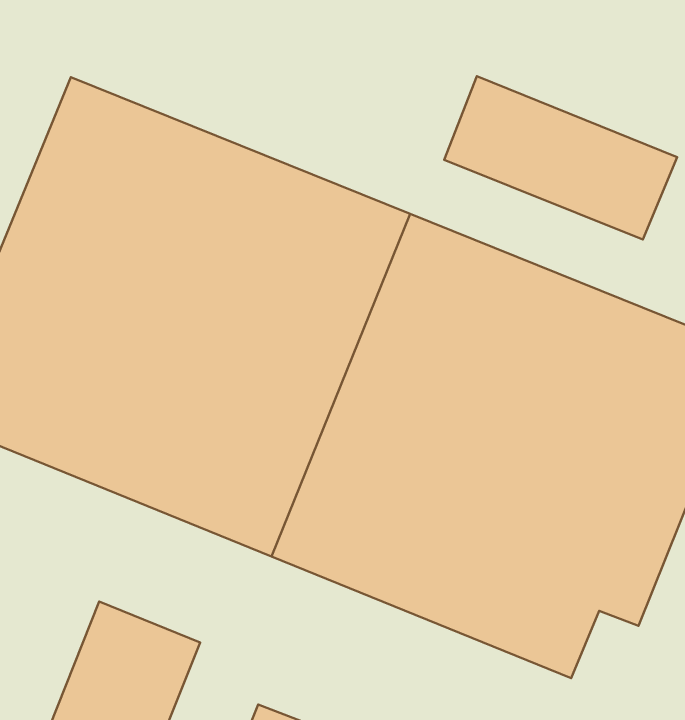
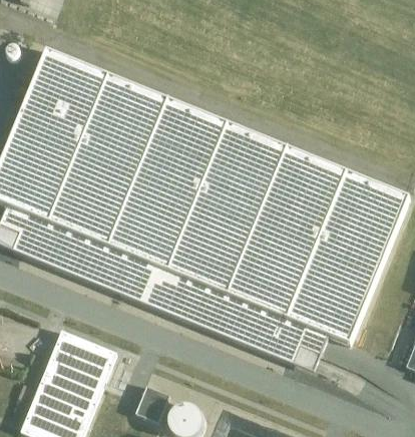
building: [444,76,677,240] -> none

